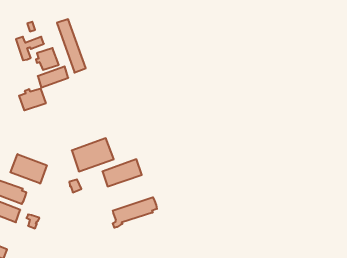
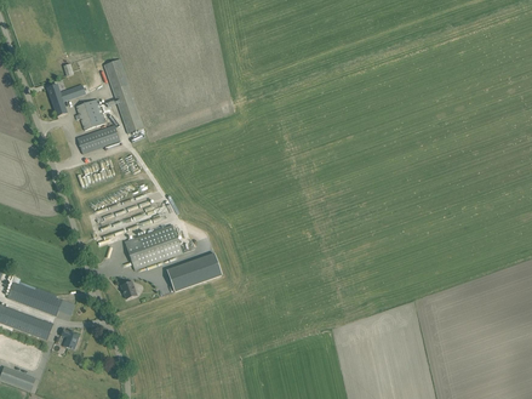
building: [19,89,46,110] -> none
building: [10,154,47,184] -> none
building: [113,197,157,228] -> none

